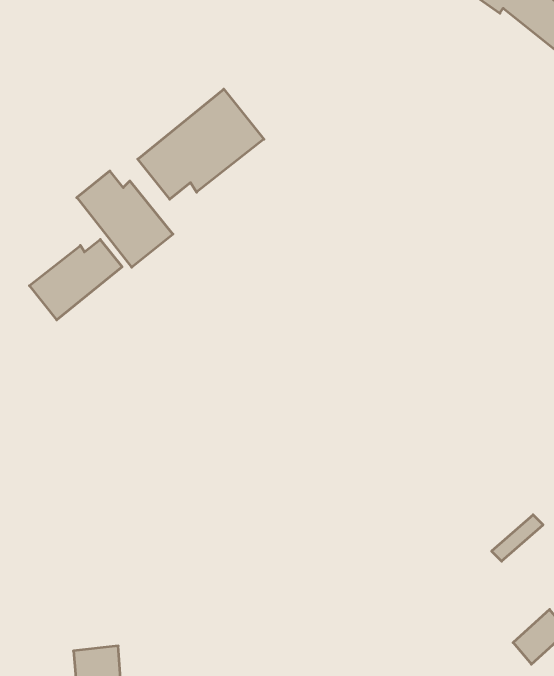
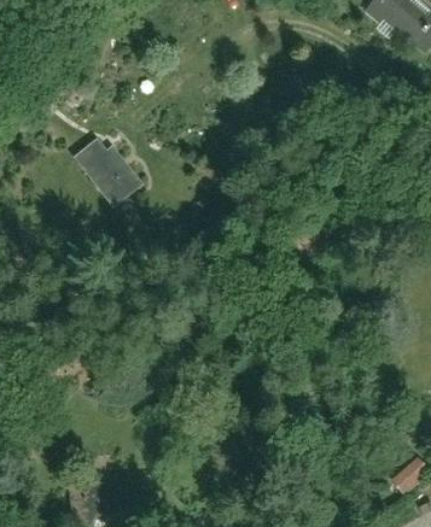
building: [138,89,264,199] -> none
building: [29,239,122,320] -> none

